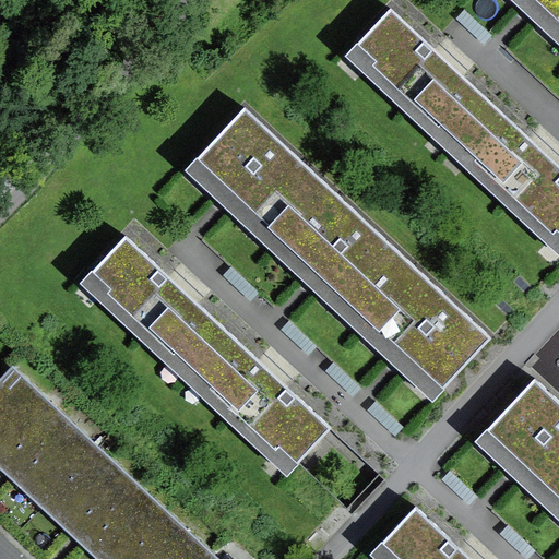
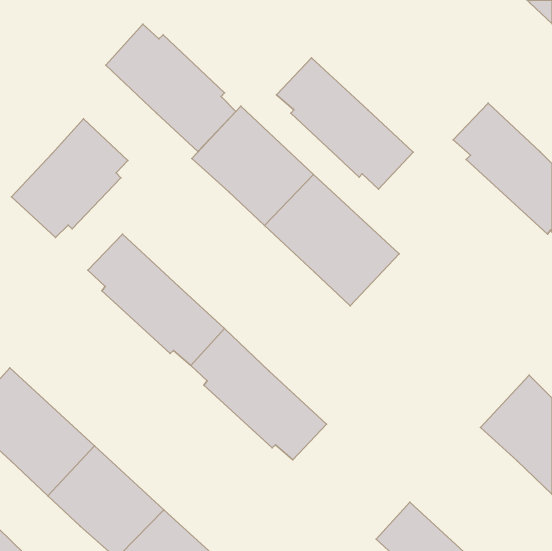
building: [354,12,491,144] -> [277,58,413,189]
building: none -> [106,24,236,152]
building: none -> [11,119,128,237]
building: [353,259,489,392] -> none

